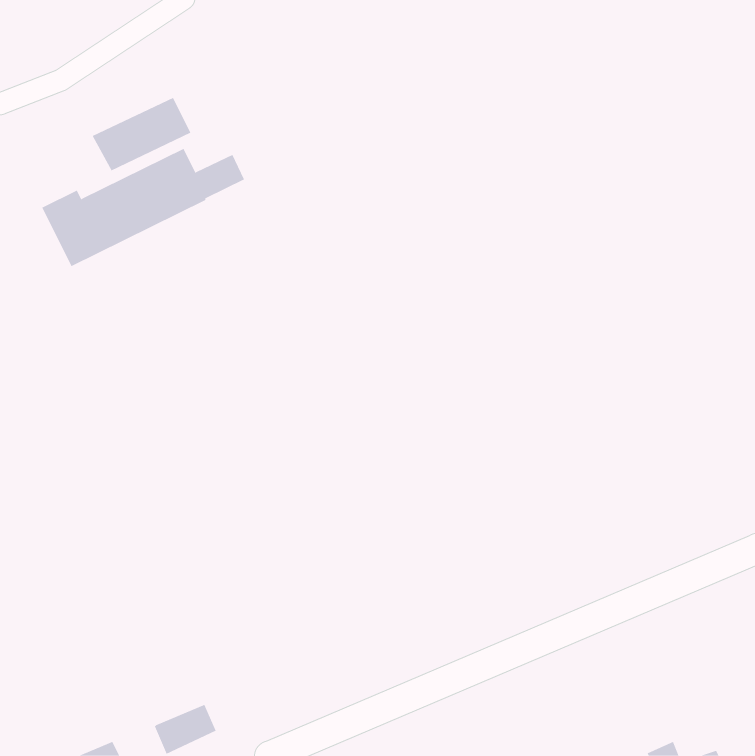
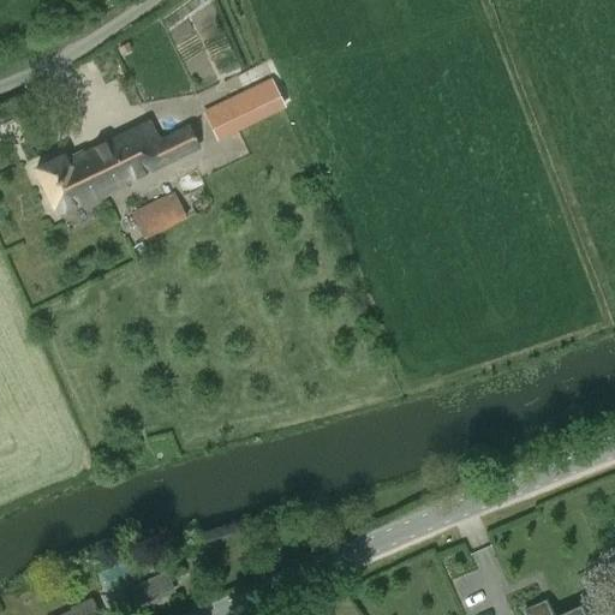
building: [92,97,191,171] -> [205,79,286,139]
building: none -> [132,190,190,239]

